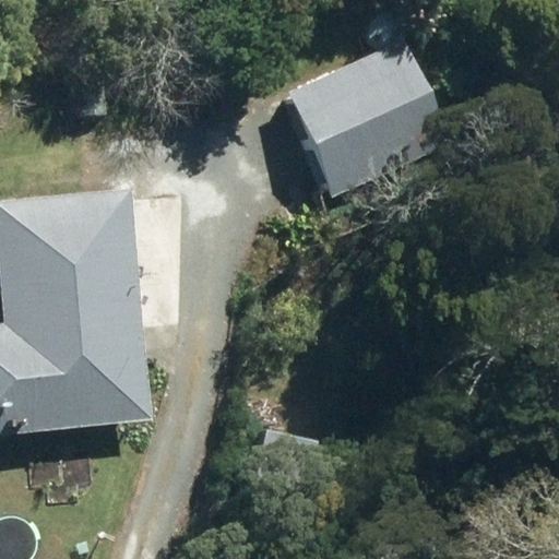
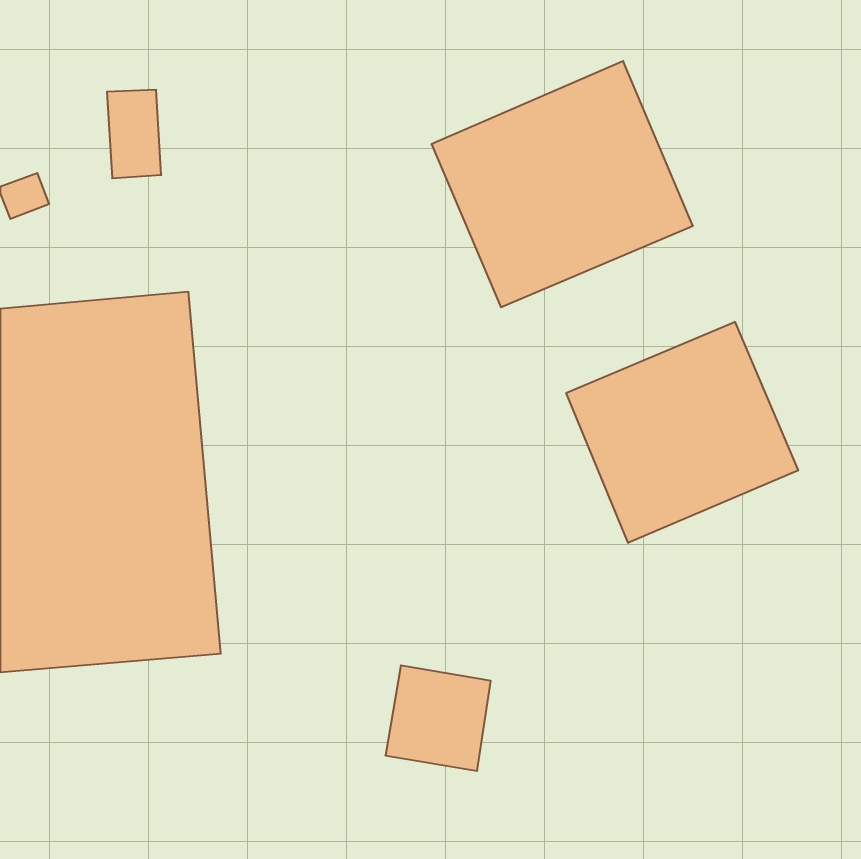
building: none -> [566,322,798,543]

